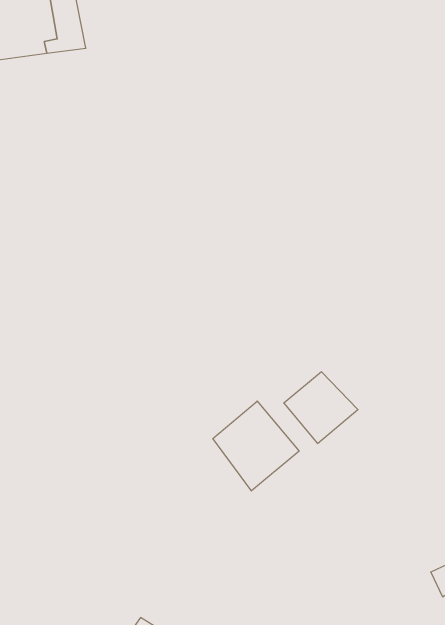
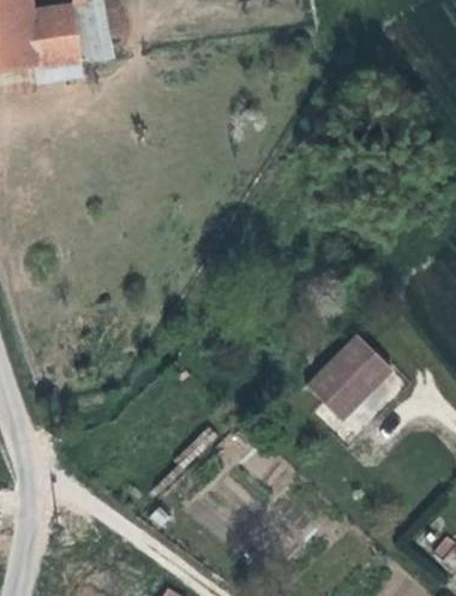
building: none -> [331,341,383,394]
building: [213,401,299,491] -> none

